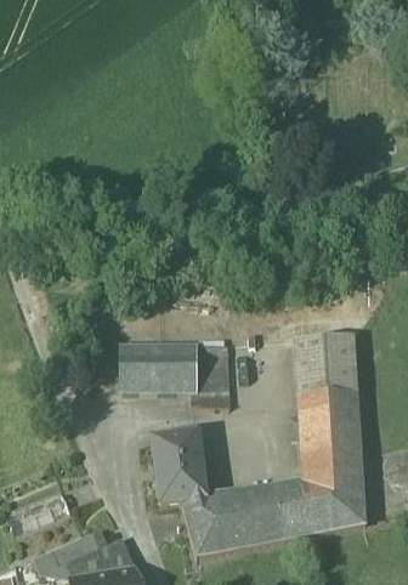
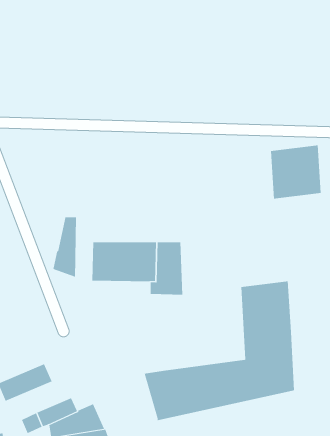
building: none -> [53,217,76,279]
building: [295,330,357,396] -> [270,145,322,199]
building: [154,432,205,502] -> none

